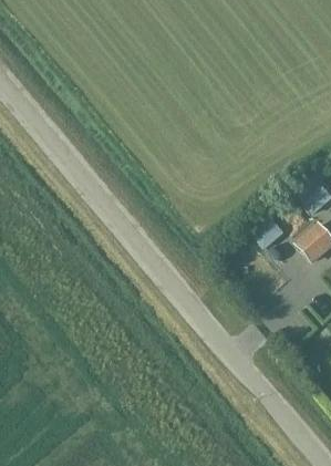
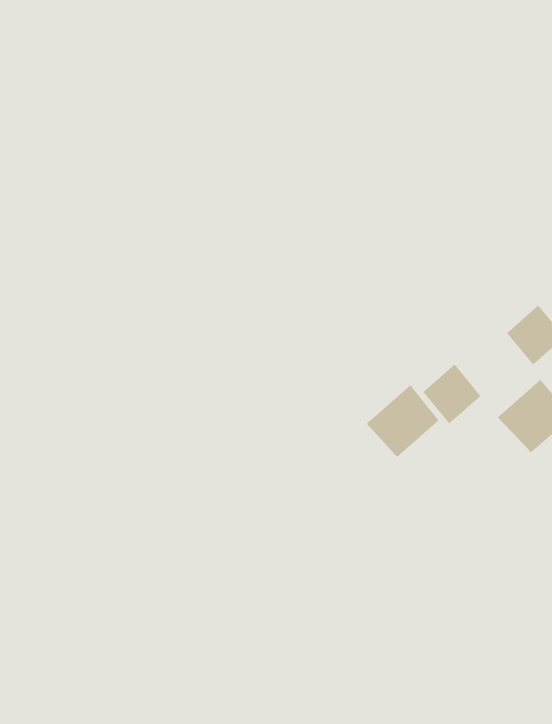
building: none -> [366,384,439,458]

